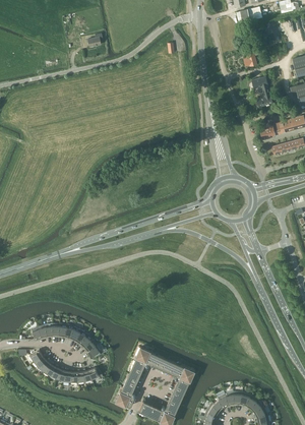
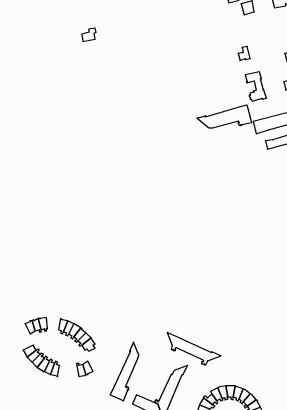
building: none -> [197,105,252,128]
building: [140,348,194,380] -> [167,332,221,365]

